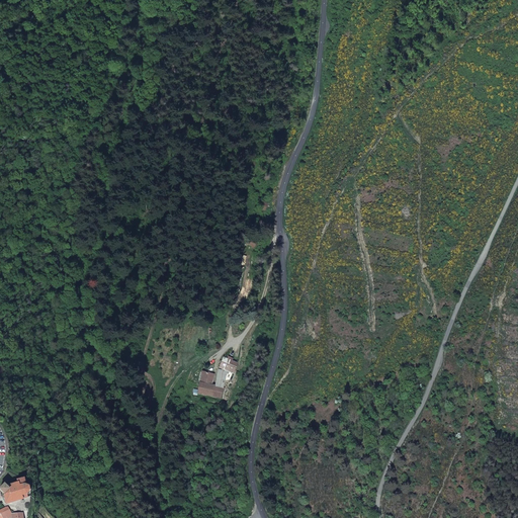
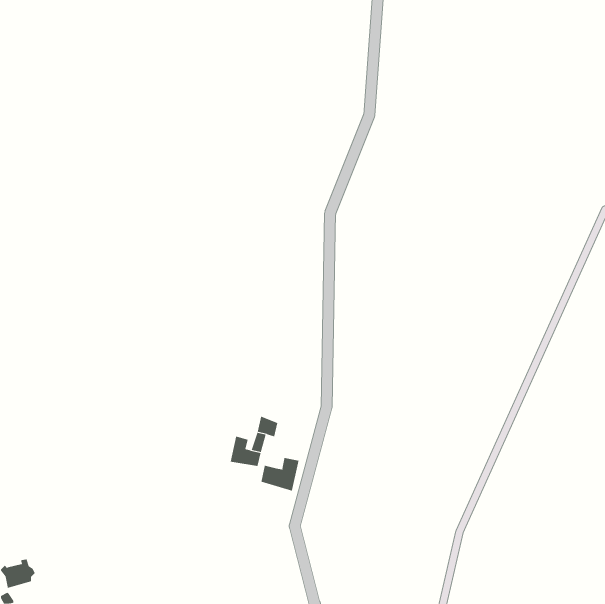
building: none -> [261,457,299,492]

